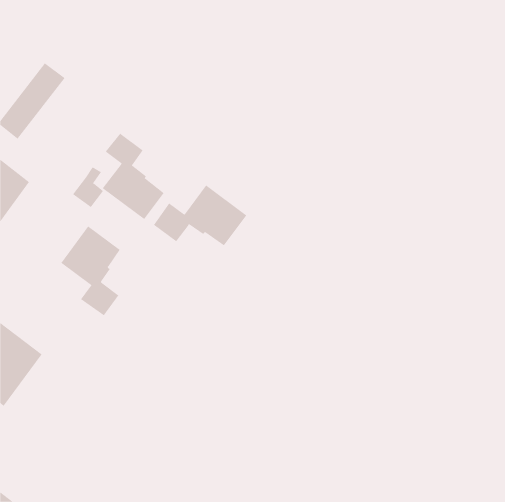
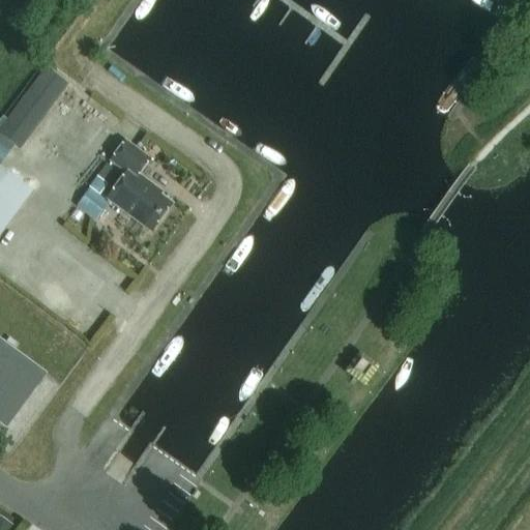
building: [153,185,247,246] -> none
building: [60,226,120,316] -> none

